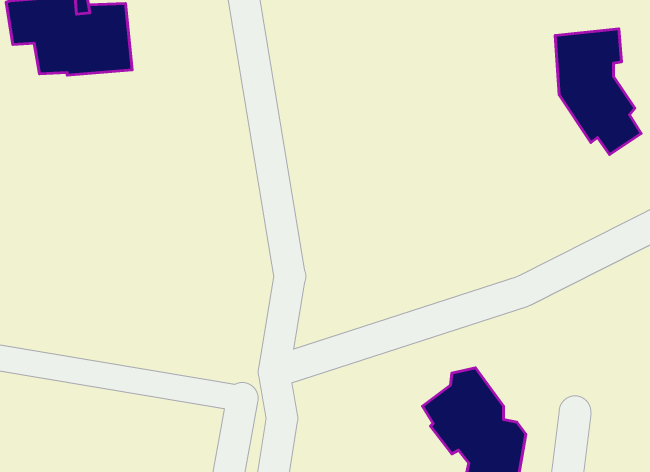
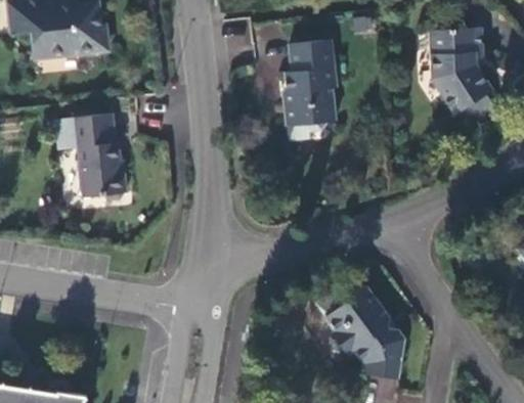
building: none -> [282,38,334,125]
building: none -> [70,117,125,203]

